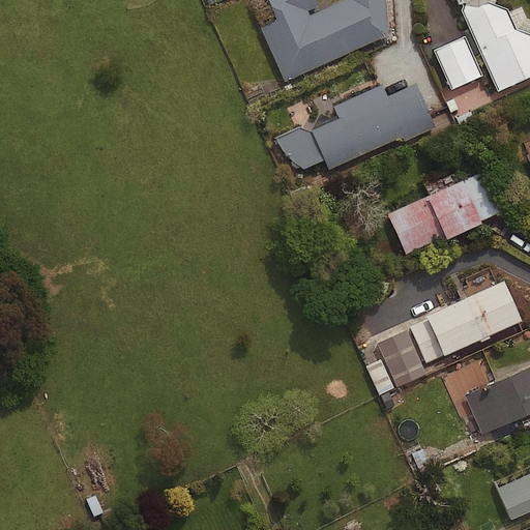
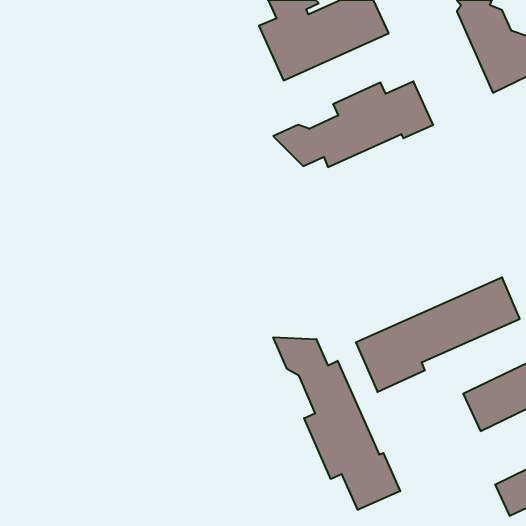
building: [433,37,479,89] -> none
building: [389,168,509,254] -> none
building: none -> [273,337,400,510]

